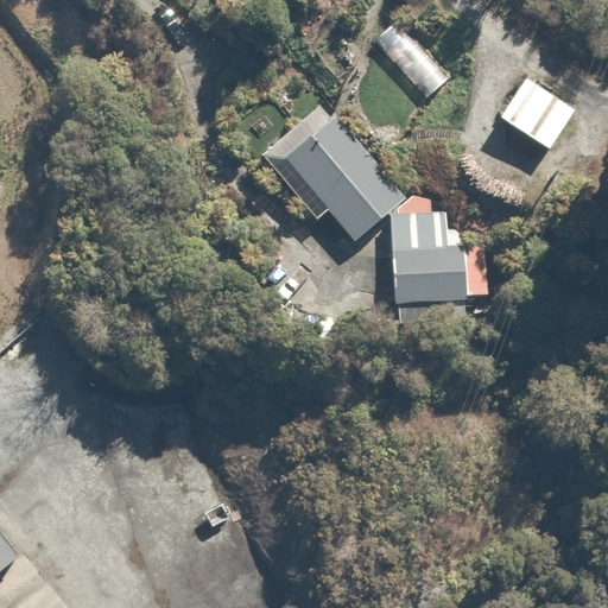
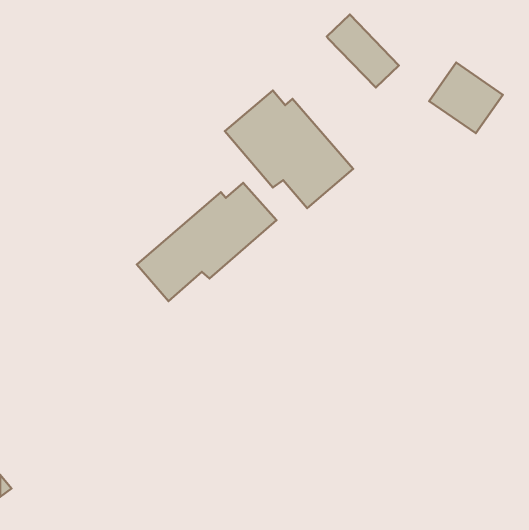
building: none -> [137,183,277,301]
building: [392,224,488,304] -> none

